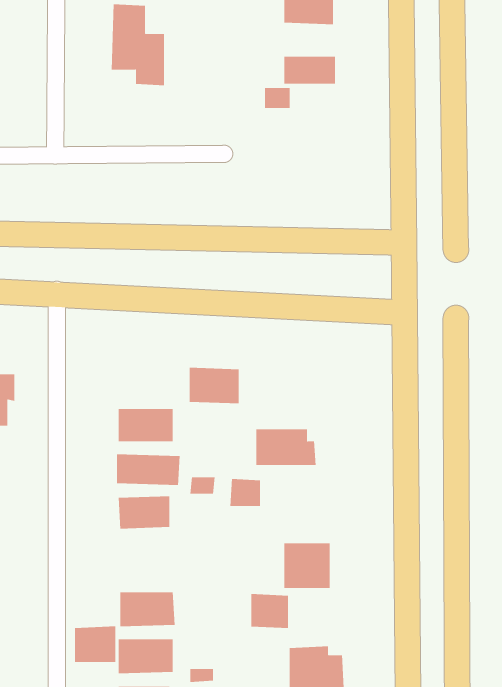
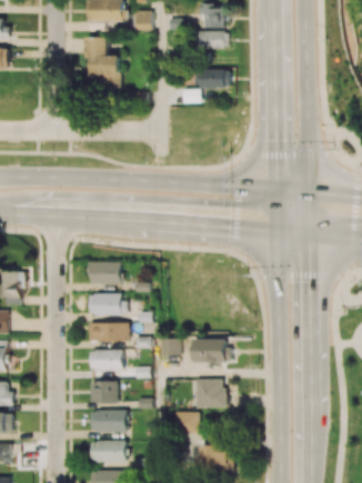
building: [189,367,239,404] -> [90,262,122,285]
building: [255,429,316,465] -> [193,340,232,363]
building: [74,626,116,663] -> [89,381,115,404]

